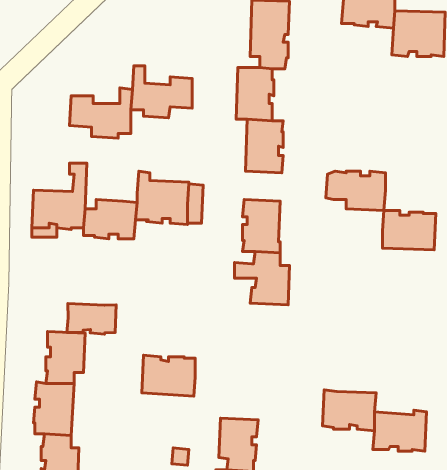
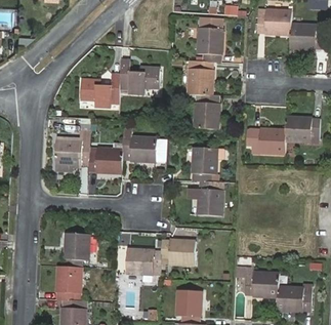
building: [382,210,436,250] -> [285,116,320,141]
building: [67,303,116,334] -> none
building: none -> [161,239,195,263]

